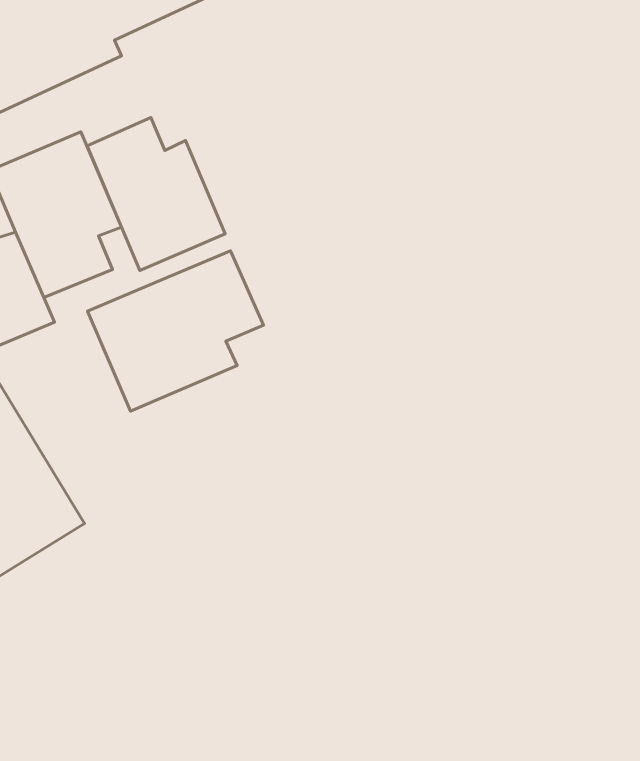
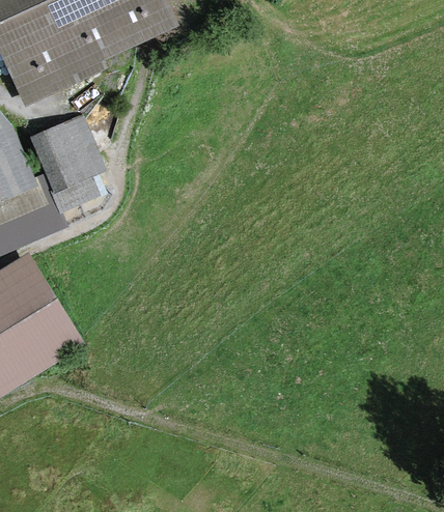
building: [87,118,225,271] -> none
building: [88,251,263,411] -> none

